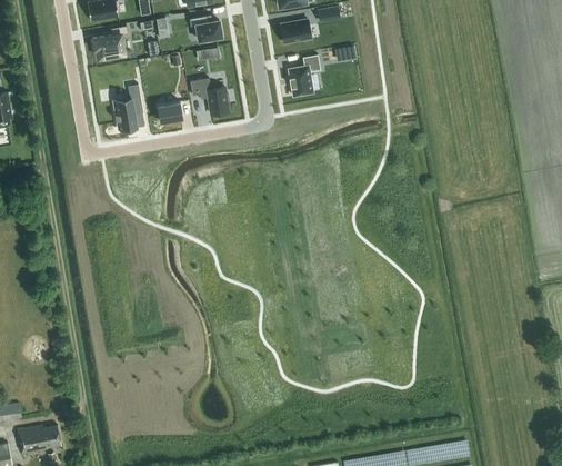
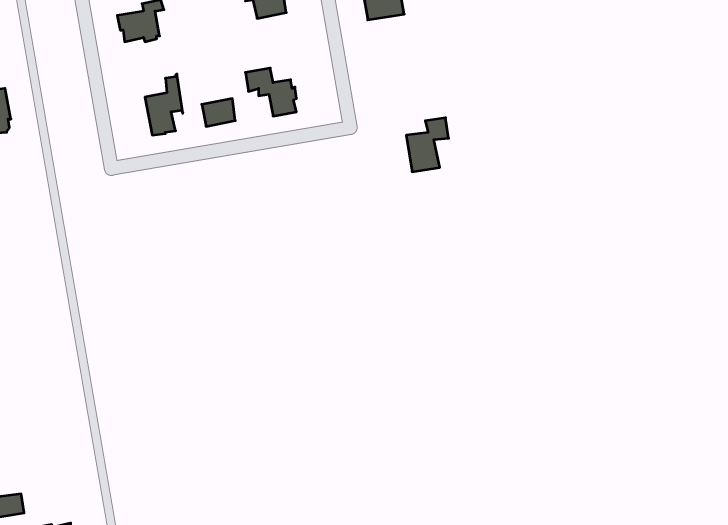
building: [288,53,320,95] -> [406,118,449,172]

